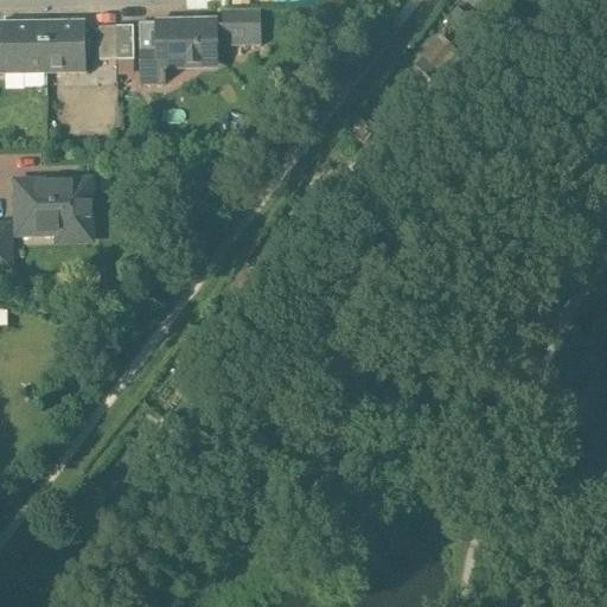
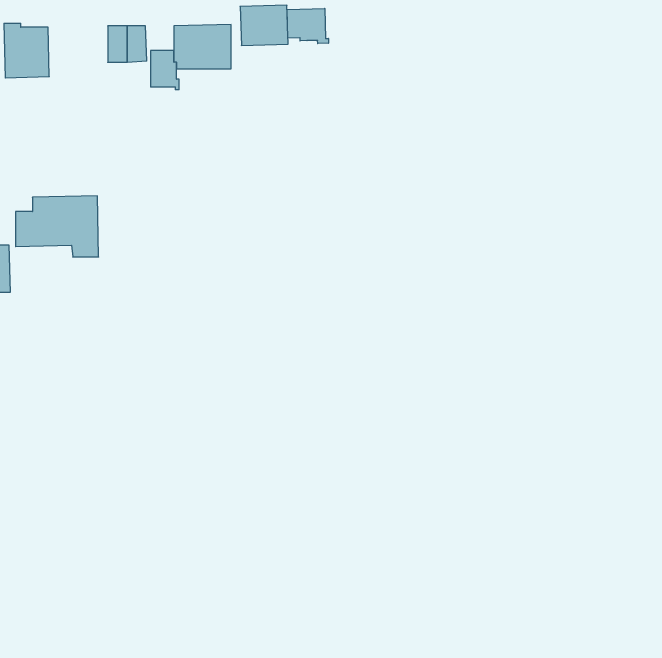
building: none -> [287,8,328,44]
building: [44,20,84,70] -> none

